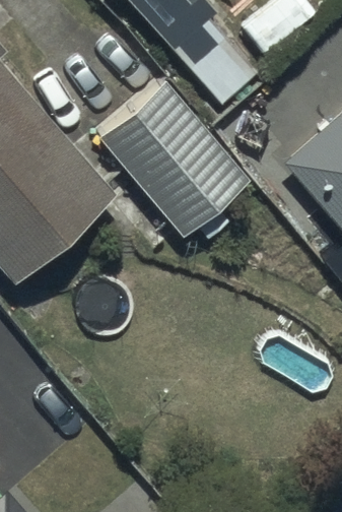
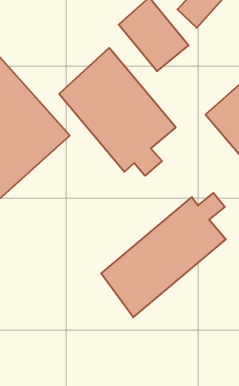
building: none -> [101,193,226,317]

